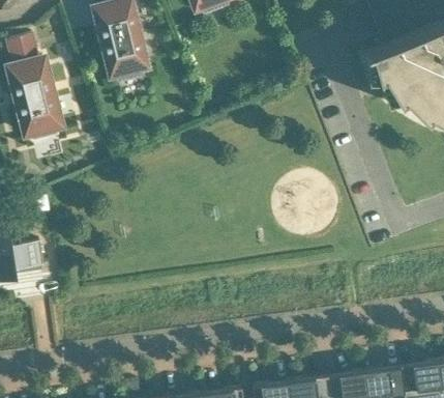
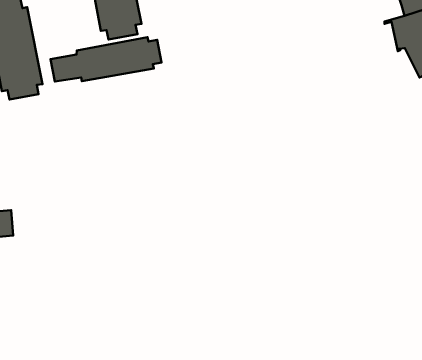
building: none -> [50,37,162,82]

